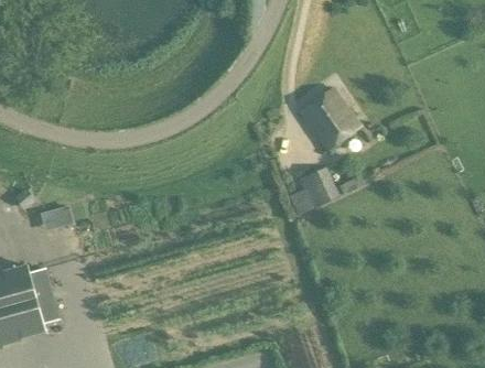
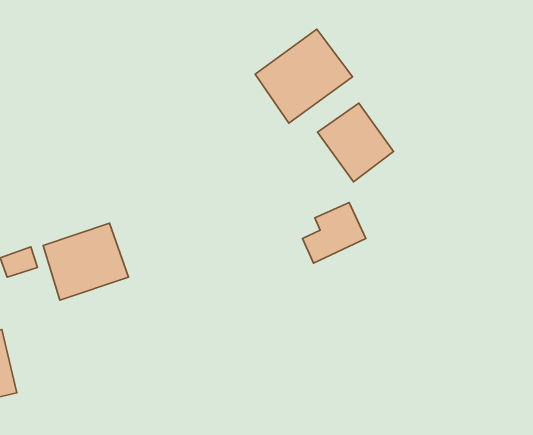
building: none -> [255,29,352,123]
building: none -> [43,223,129,300]

